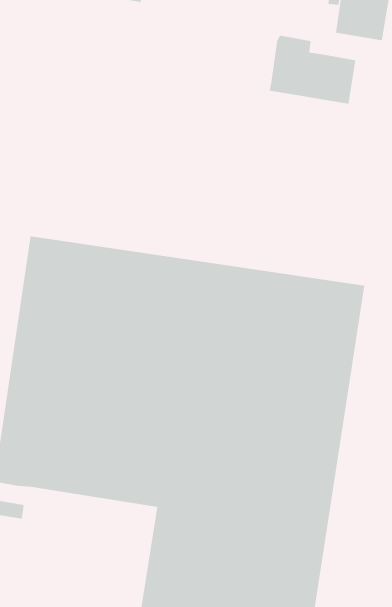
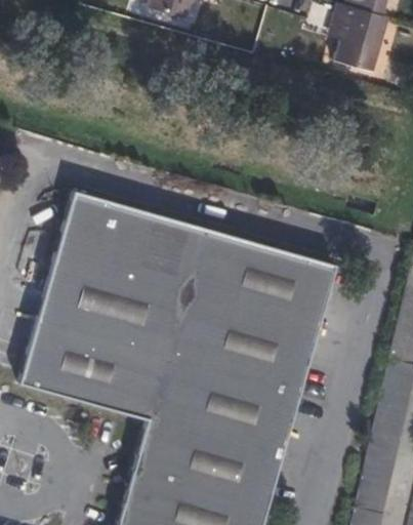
building: [269,35,356,104] -> none

